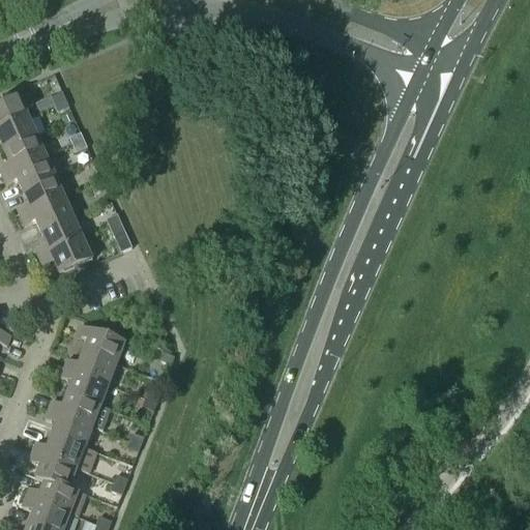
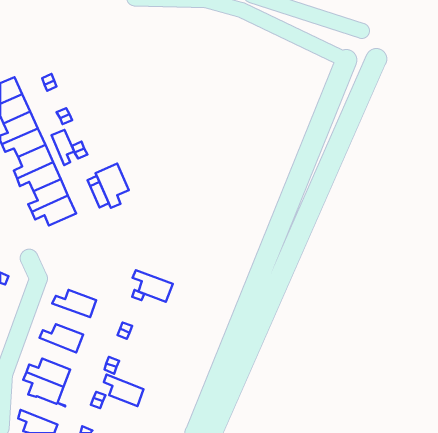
building: none -> [52,130,74,165]
building: none -> [96,163,129,208]
building: [76,324,124,362] -> [133,270,173,302]
building: [60,366,109,404] -> none
building: [45,408,92,446] -> [104,375,143,406]
building: [25,478,79,512] -> none

